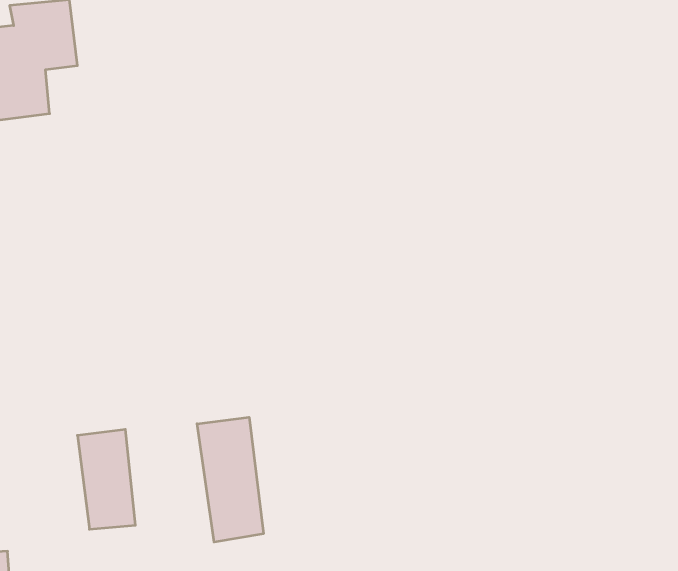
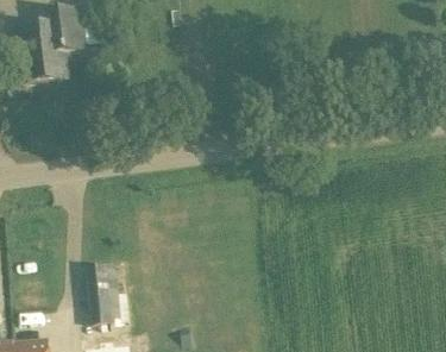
building: [197,417,263,542] -> none

